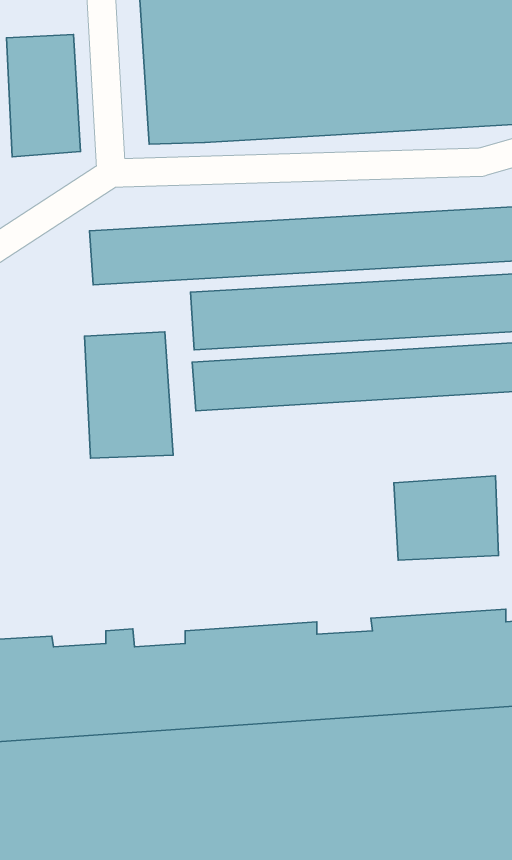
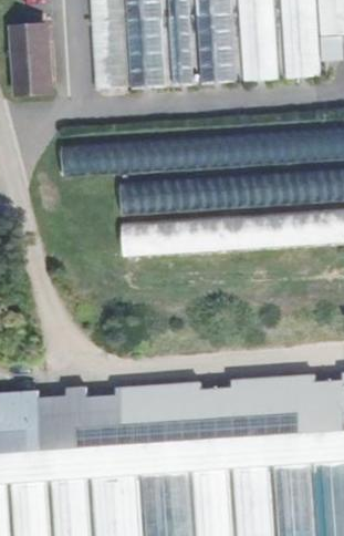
building: [85,332,173,458] -> none
building: [394,476,498,560] -> none

